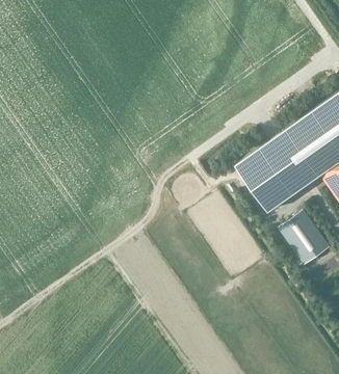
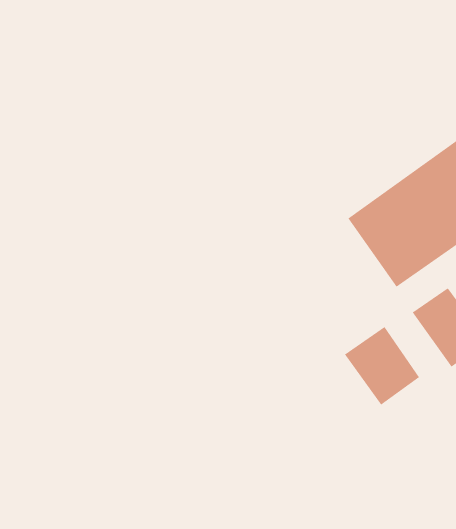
building: none -> [344,326,420,406]

